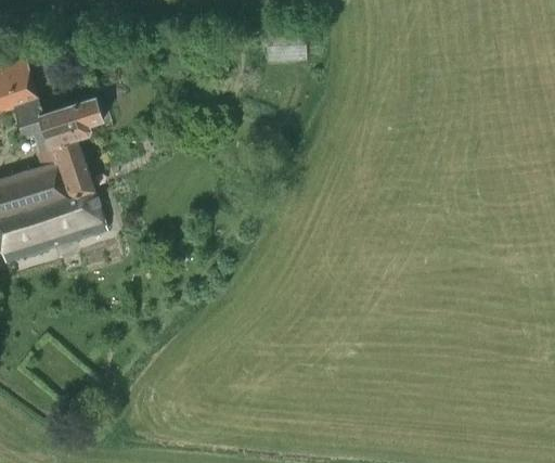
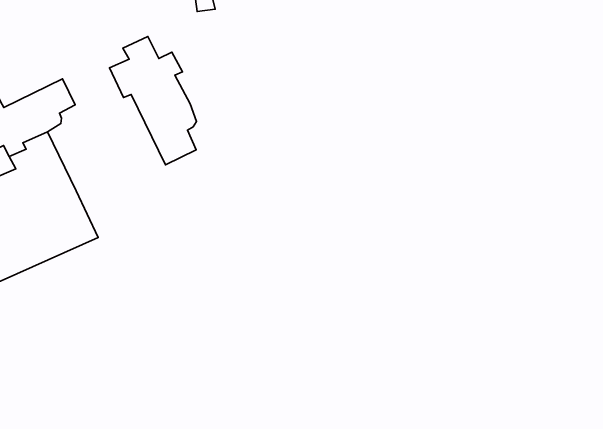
building: none -> [109,36,196,165]

